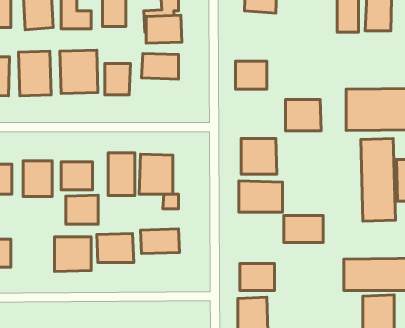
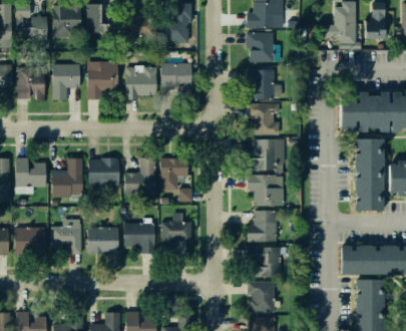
building: none -> [246,32,279,55]
building: [286,99,321,131] -> [249,103,281,131]
building: [66,195,98,224] -> [49,229,78,255]
building: [284,216,323,242] -> [245,214,280,238]

